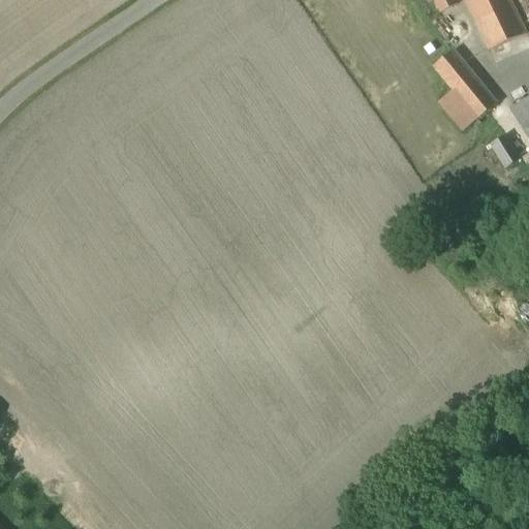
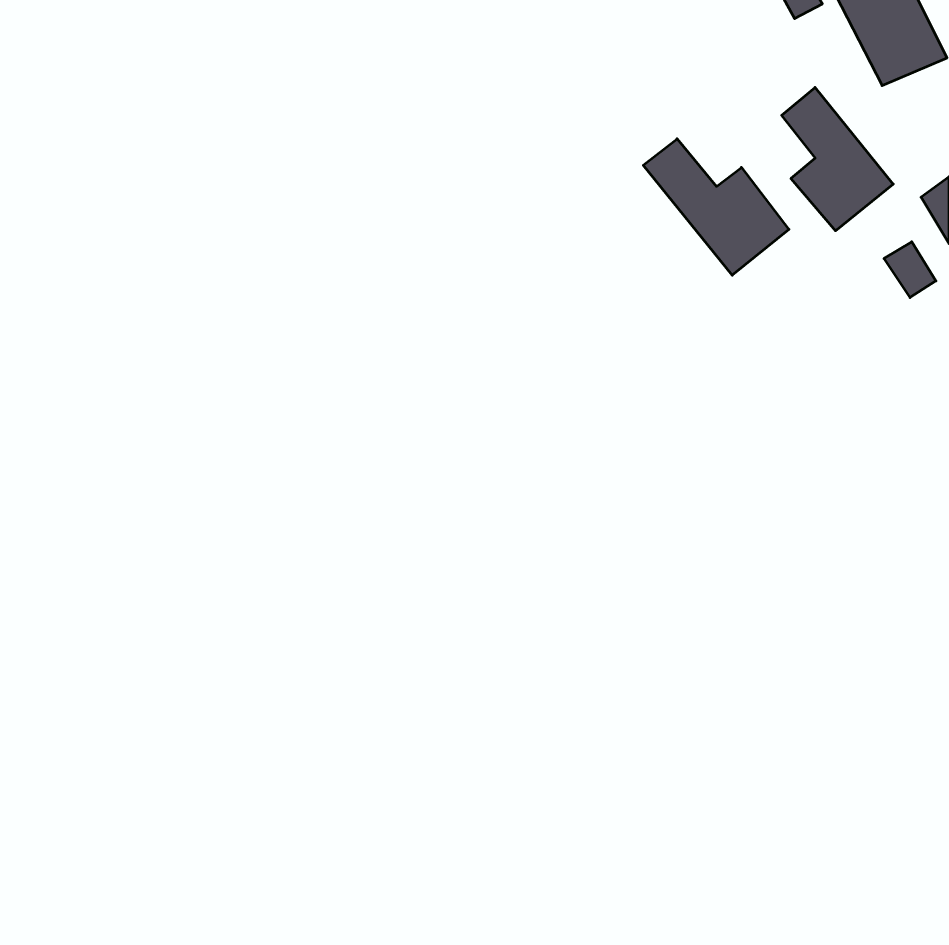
building: none -> [643,139,789,275]

